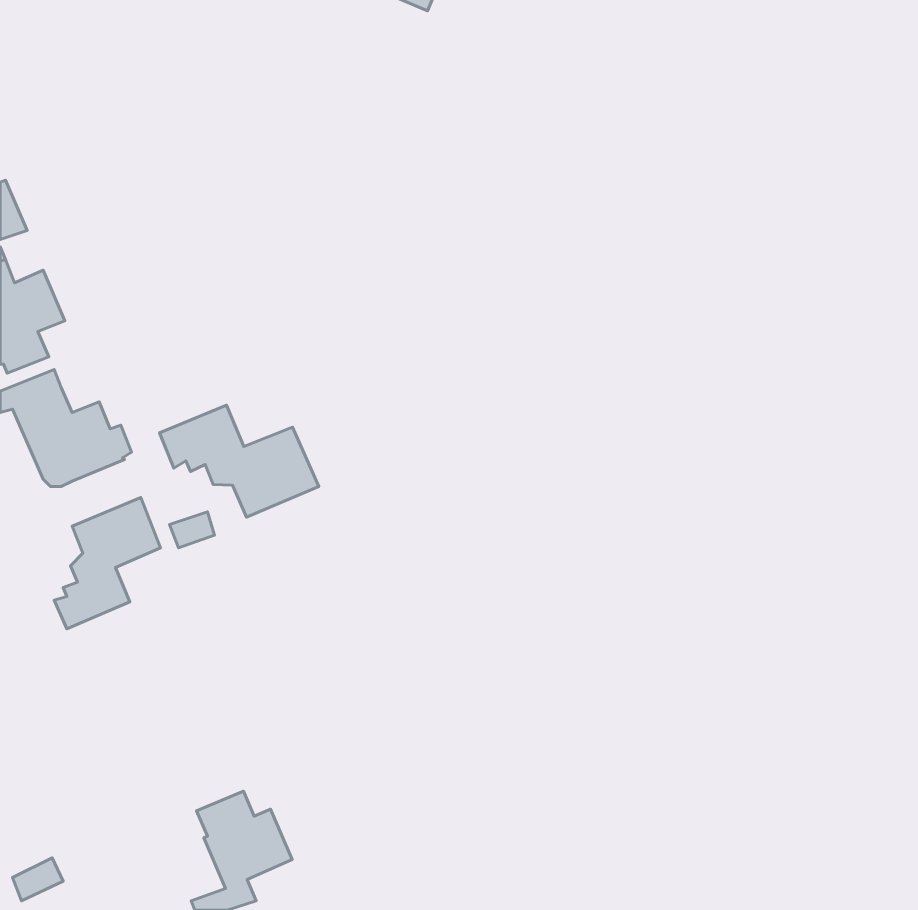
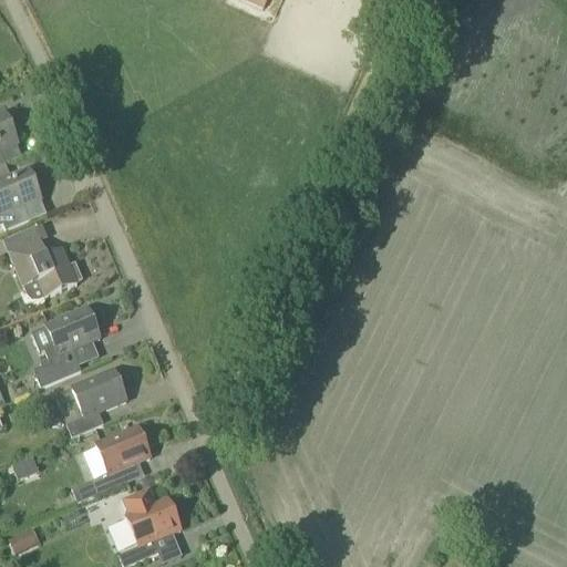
building: [159,405,319,517] -> none
building: none -> [68,369,127,436]
building: none -> [73,425,152,502]

